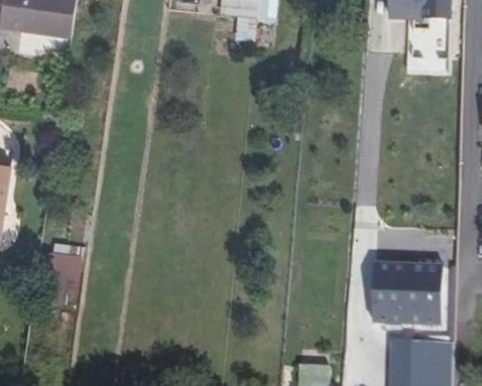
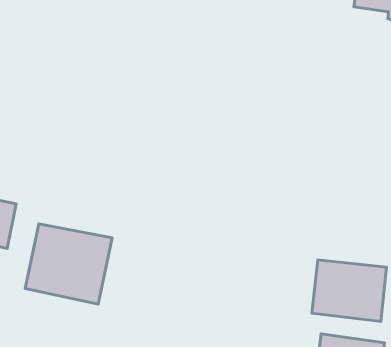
building: none -> [25,224,112,304]

